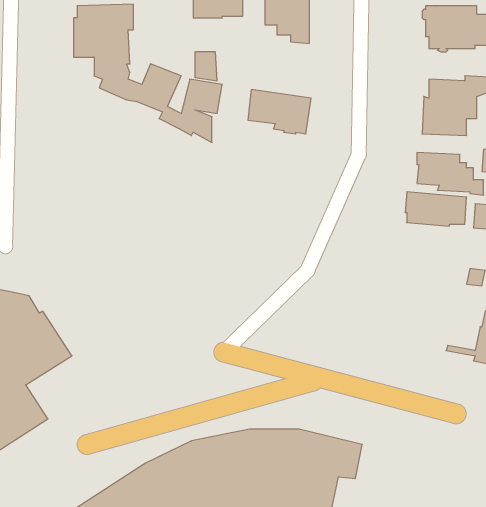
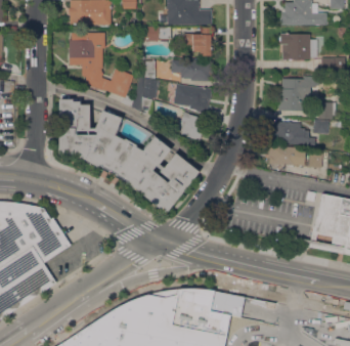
building: none -> [171,59,213,82]
building: none -> [57,99,199,214]
building: none -> [174,112,207,140]

